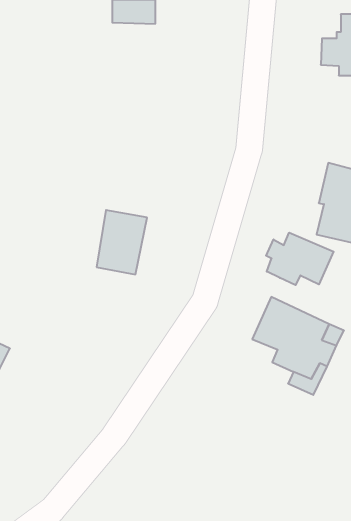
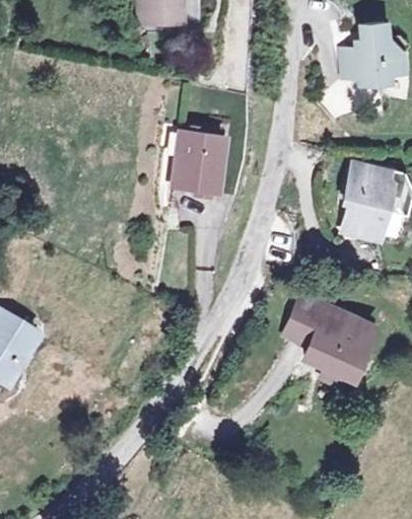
building: [97,210,147,274] -> [178,130,226,192]
building: [266,233,334,285] -> none

